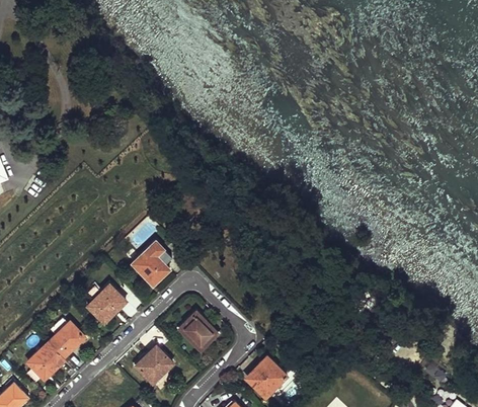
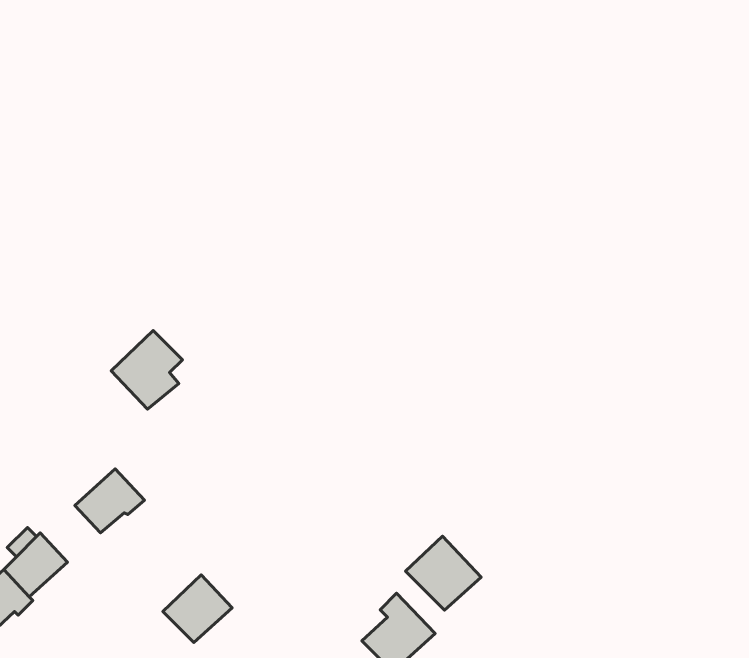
building: [133,243,172,287] -> [111,331,182,409]
building: [178,313,216,351] -> none
building: none -> [406,536,481,610]

